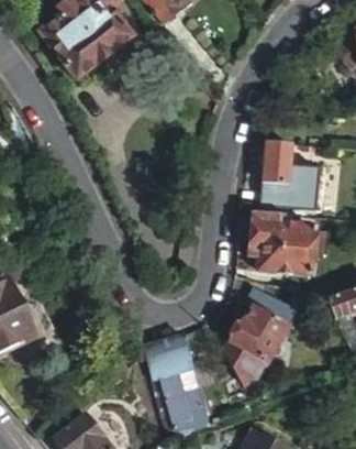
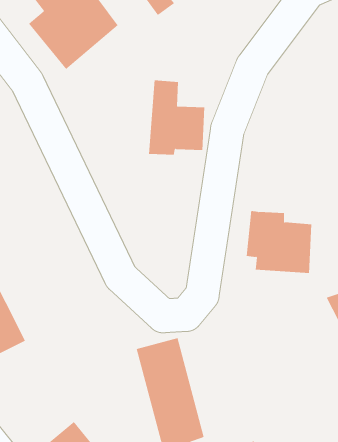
building: [260,140,315,212] -> [148,80,205,155]
building: [222,283,294,393] -> none

